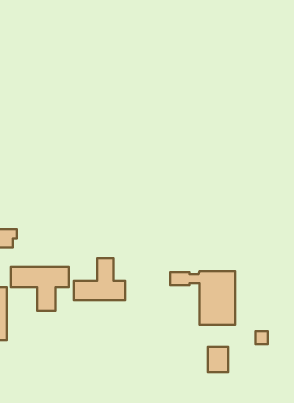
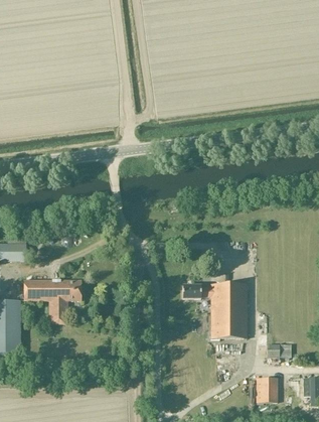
building: [74,258,125,300] -> none
building: [208,347,228,372] -> [256,376,276,401]

